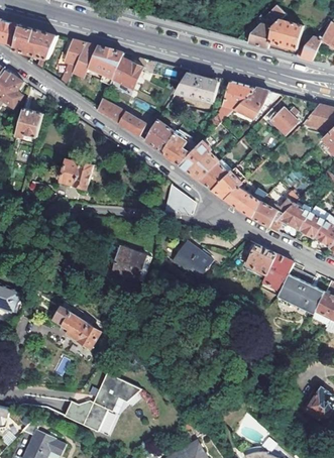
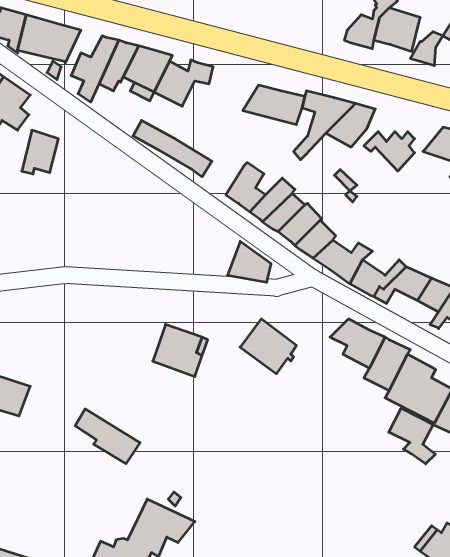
building: [145,121,176,153] -> none
building: [62,159,92,189] -> none
building: none -> [389,408,435,464]

